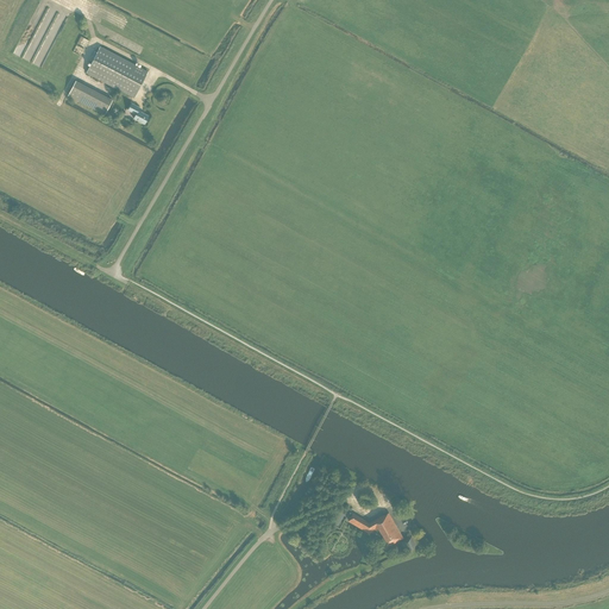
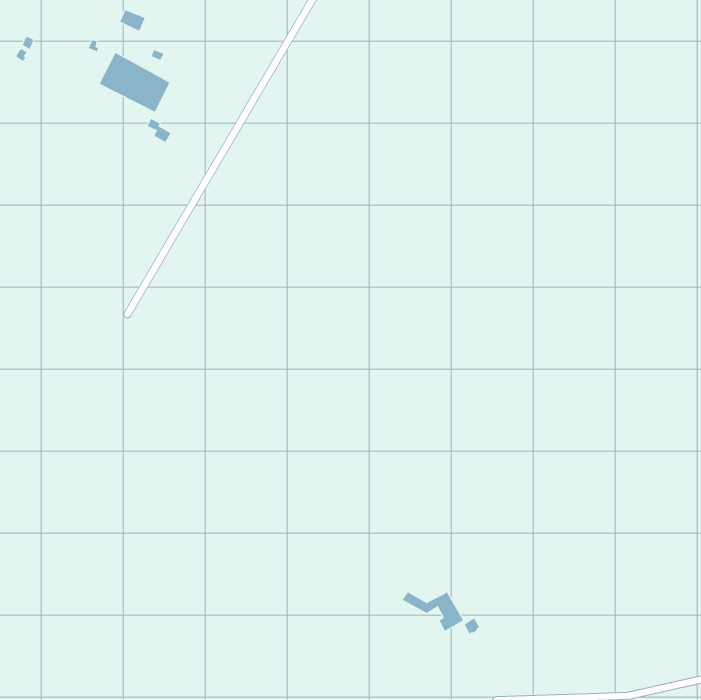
building: [68,80,113,114] -> none

